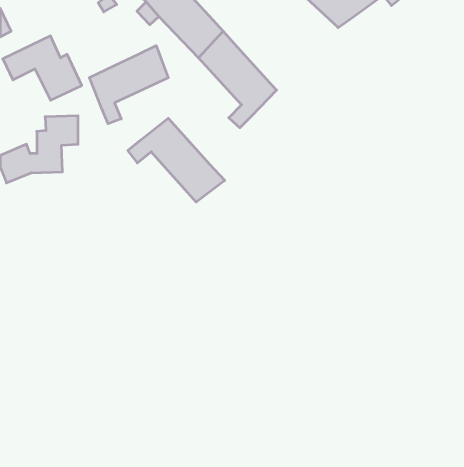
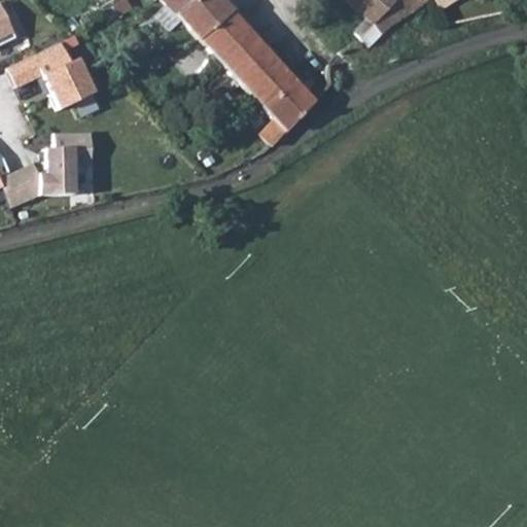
building: [89,46,168,124] -> none
building: [128,118,225,202] -> none

